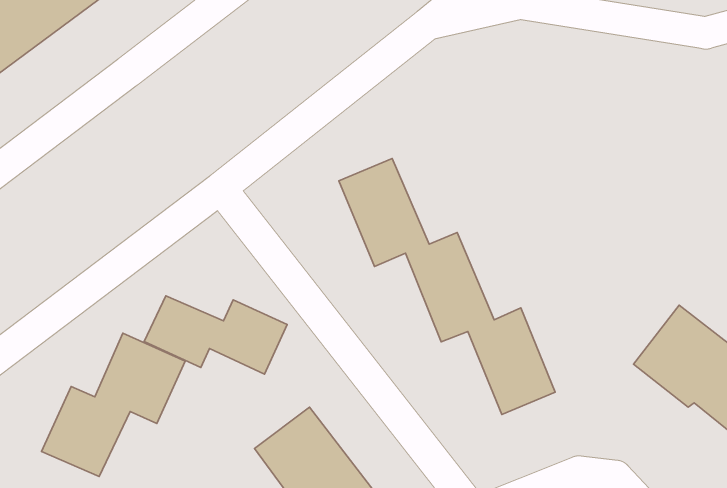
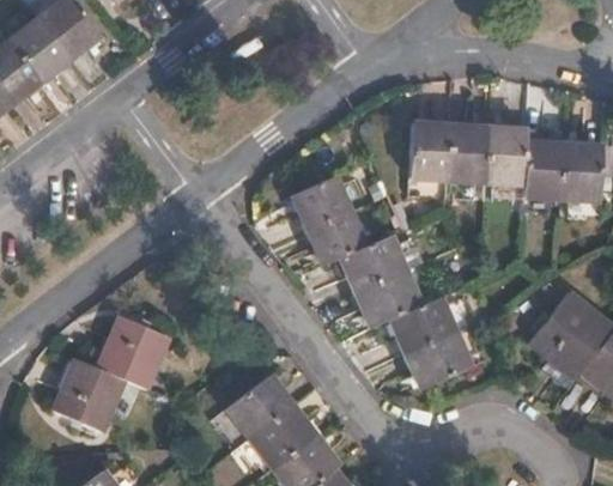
building: none -> [408,121,601,200]
building: [144,296,287,374] -> none

